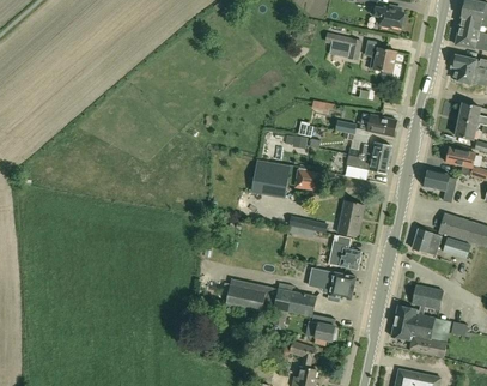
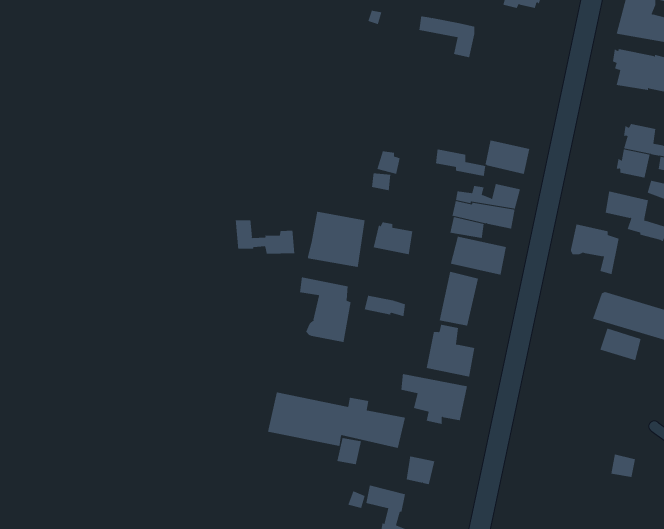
building: [365,41,396,76] -> none
building: none -> [235,220,295,255]
building: none -> [450,236,506,276]
building: none -> [299,276,351,343]
building: [412,228,442,255] -> none
building: [391,284,450,357] -> none

